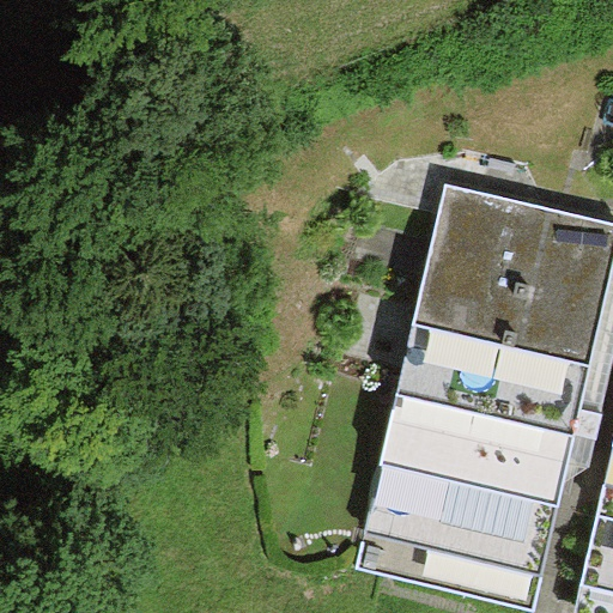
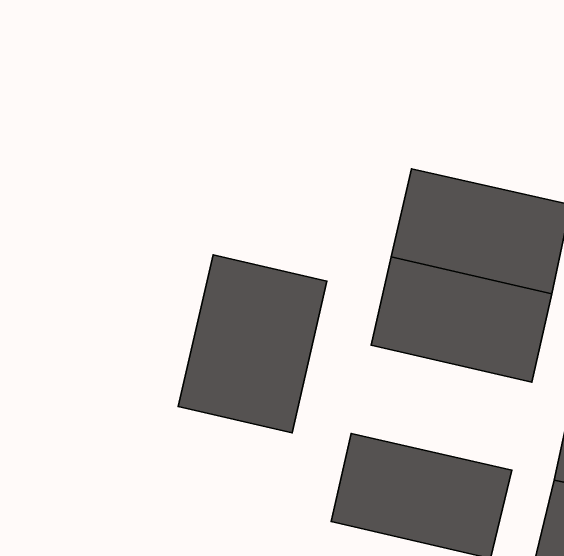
building: none -> [178,255,327,433]
building: [381,376,575,510] -> none

